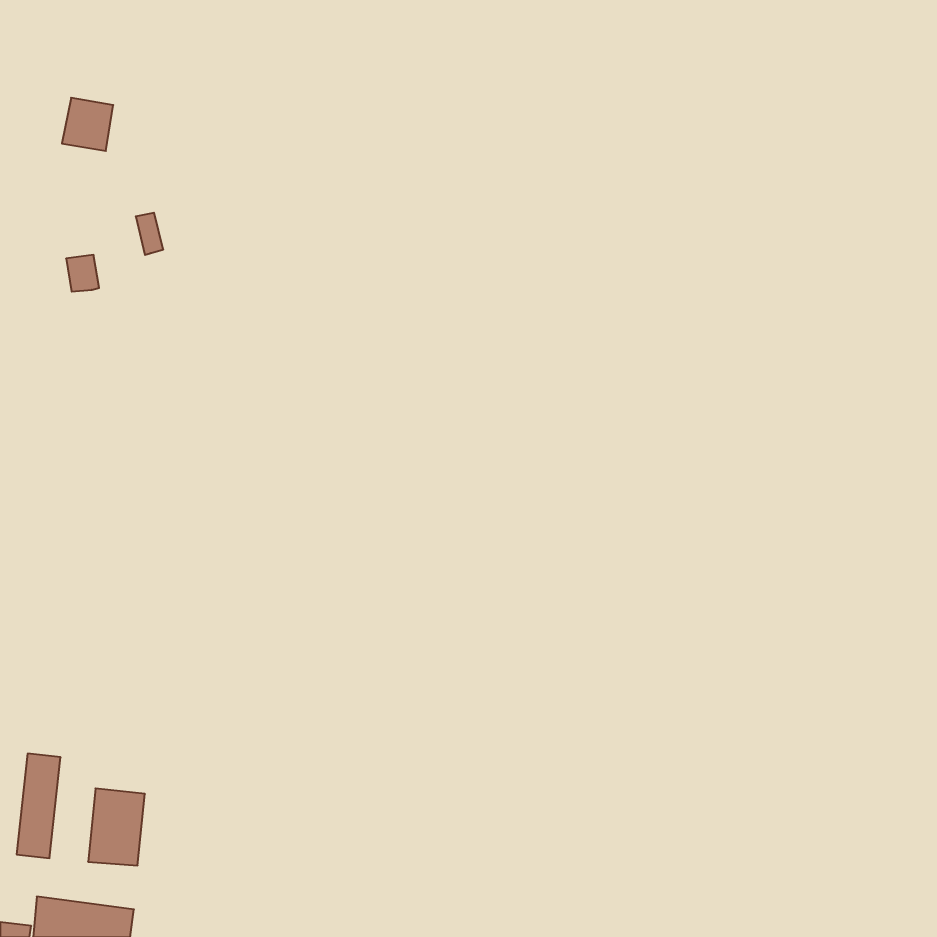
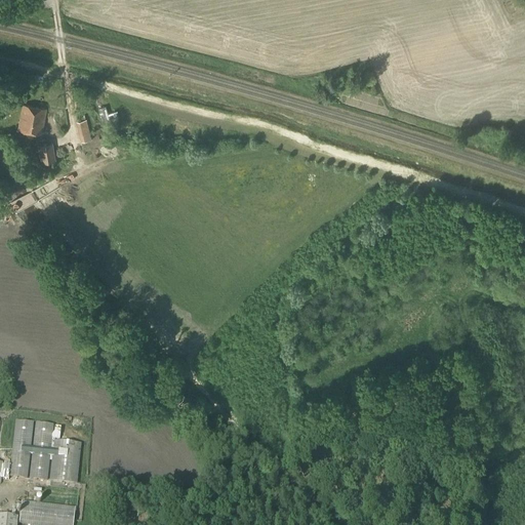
building: [62,98,113,151] -> [17,105,46,134]
building: none -> [29,425,53,482]

